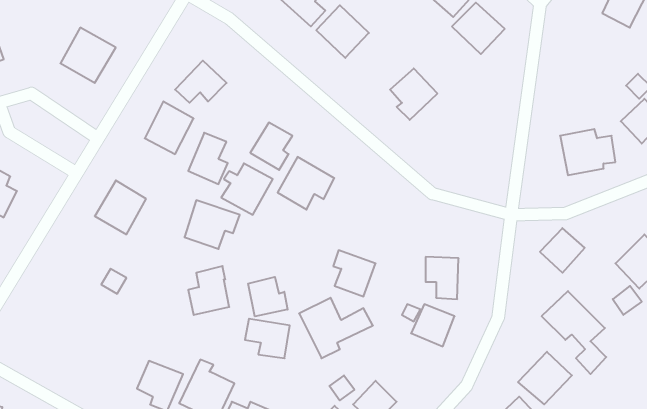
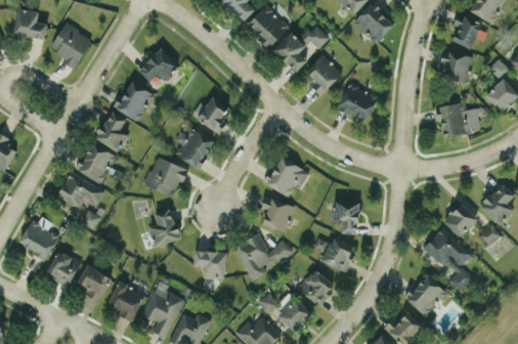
building: none -> [13,8,47,41]
building: none -> [451,15,480,48]
building: none -> [272,24,329,72]
building: none -> [439,49,473,83]
building: none -> [338,83,378,120]
building: [188,133,228,184] -> [96,111,127,150]
building: [278,157,334,210] -> [265,156,309,197]
building: none -> [57,173,104,207]
building: [540,228,585,273] -> [442,203,477,238]
building: none -> [18,215,59,258]
building: [248,277,288,316] -> none
building: none -> [47,250,81,287]
building: none -> [78,265,111,301]
building: none -> [298,268,333,306]

